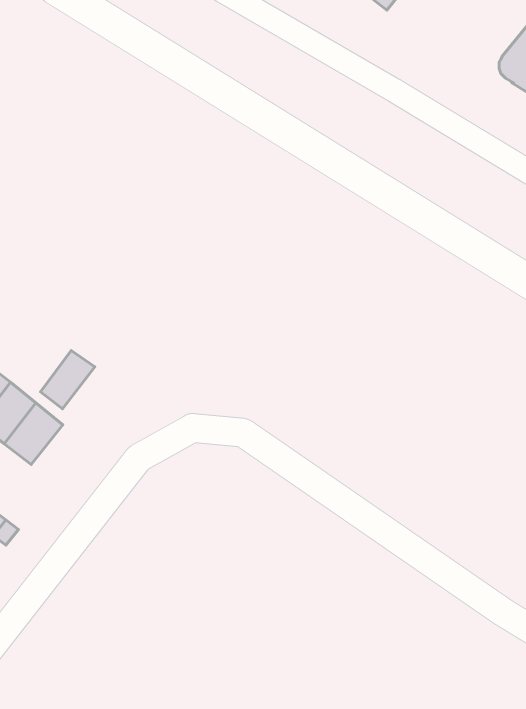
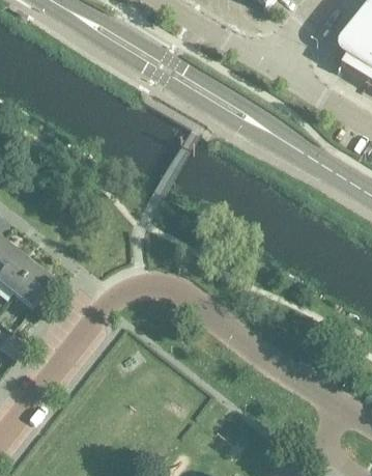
building: [40,350,95,409] -> none

